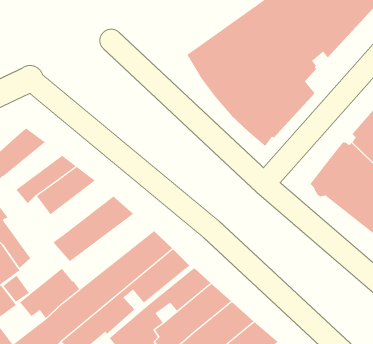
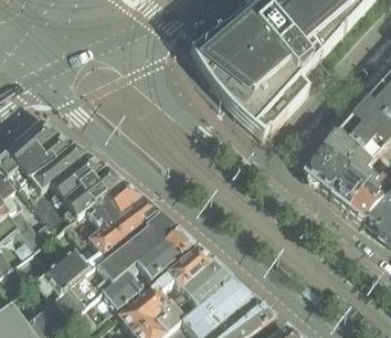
building: none -> [21,133,74,177]
building: none -> [39,168,121,237]
building: none -> [85,199,159,268]

